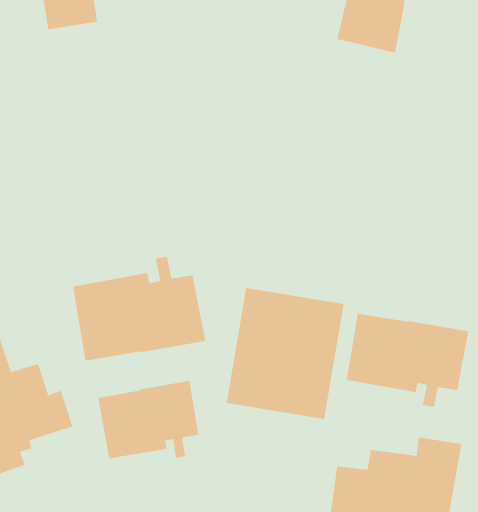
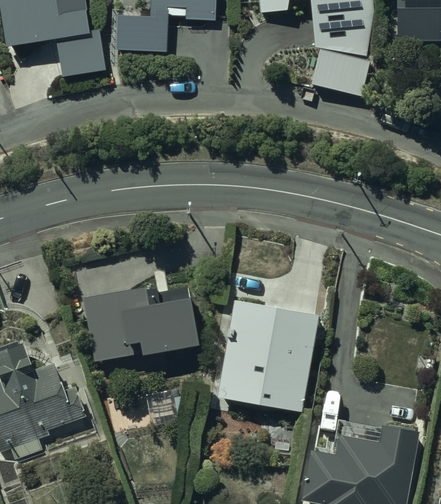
building: [346,313,469,408] -> none
building: [98,380,199,459] -> none

